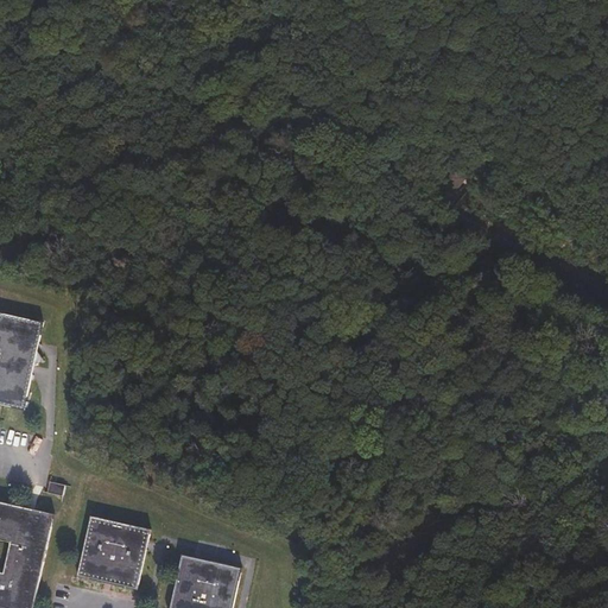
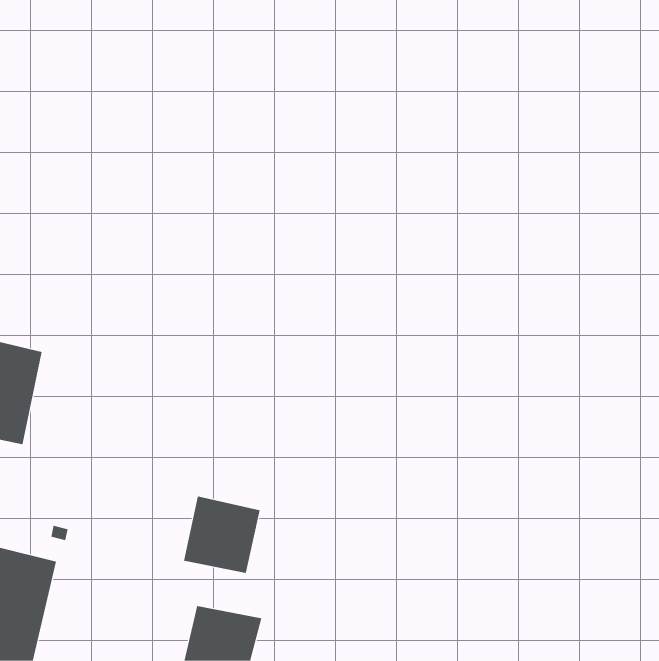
building: [78,517,150,588] -> [183,496,261,574]

